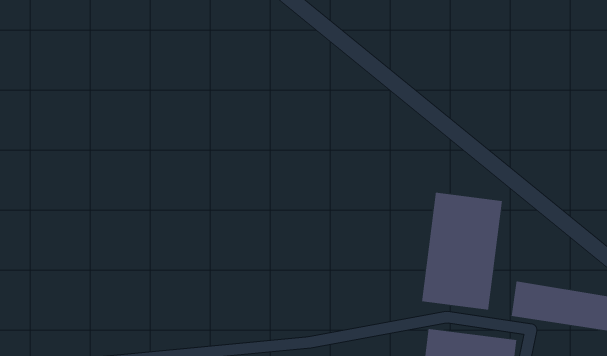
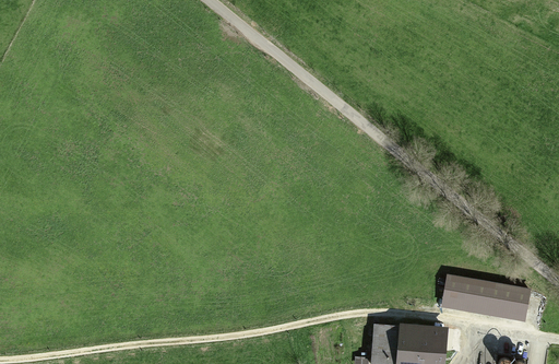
building: [422,192,502,311] -> none

